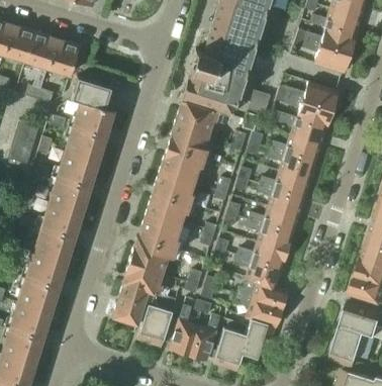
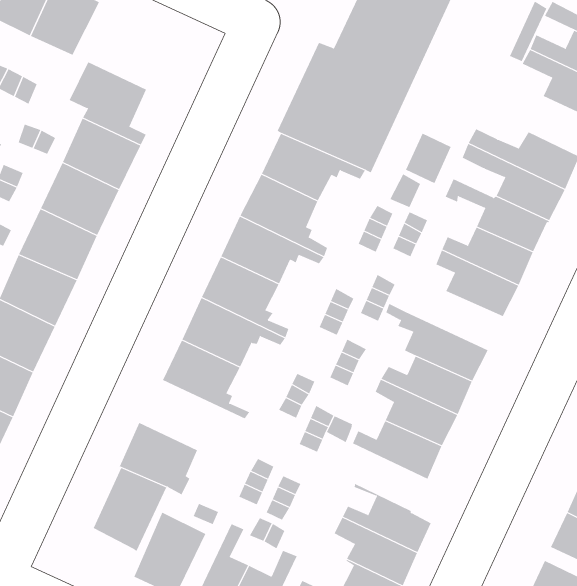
building: [259,171,309,198] -> none
building: [129,236,184,270] -> none
building: [237,256,282,286] -> none

